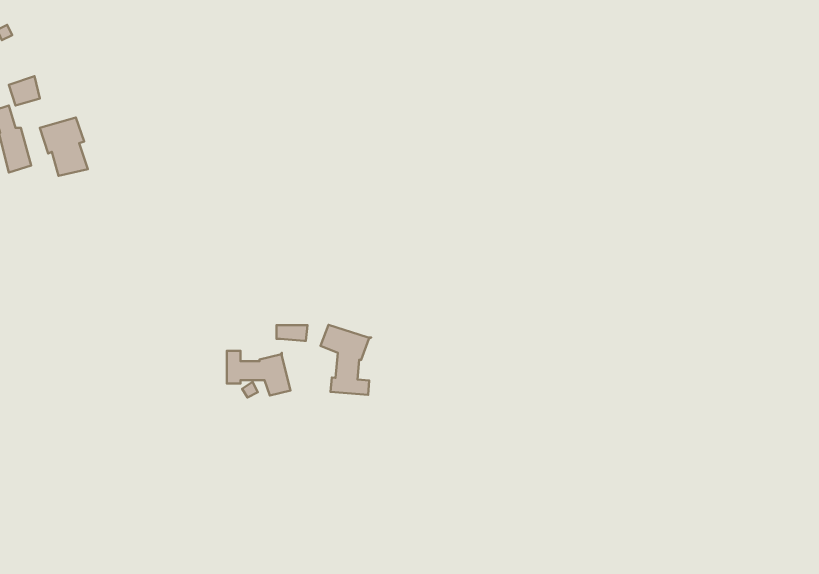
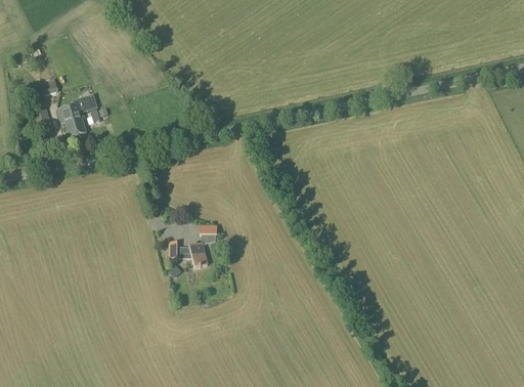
building: [321,325,371,395] -> none

